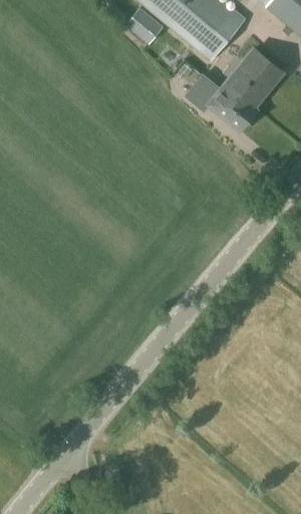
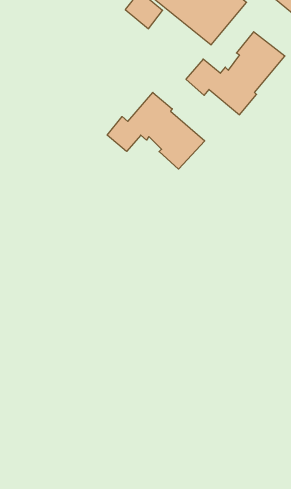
building: none -> [107,92,205,169]

